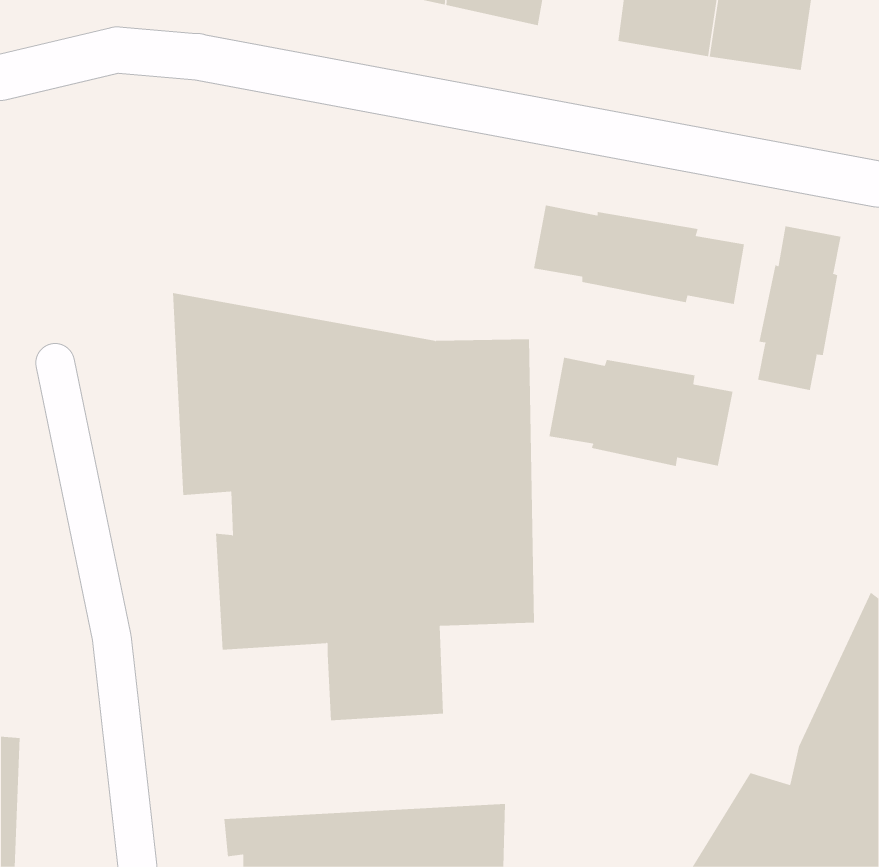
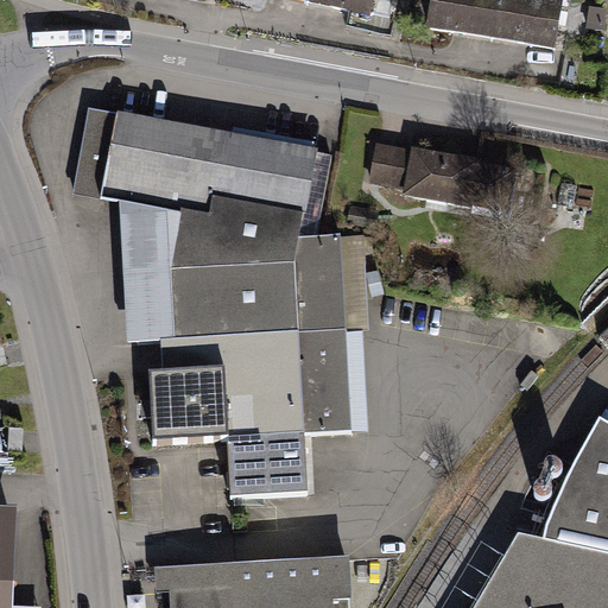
building: none -> [71,107,317,235]
building: [757,226,841,391] -> none
building: [549,357,733,467] -> none

